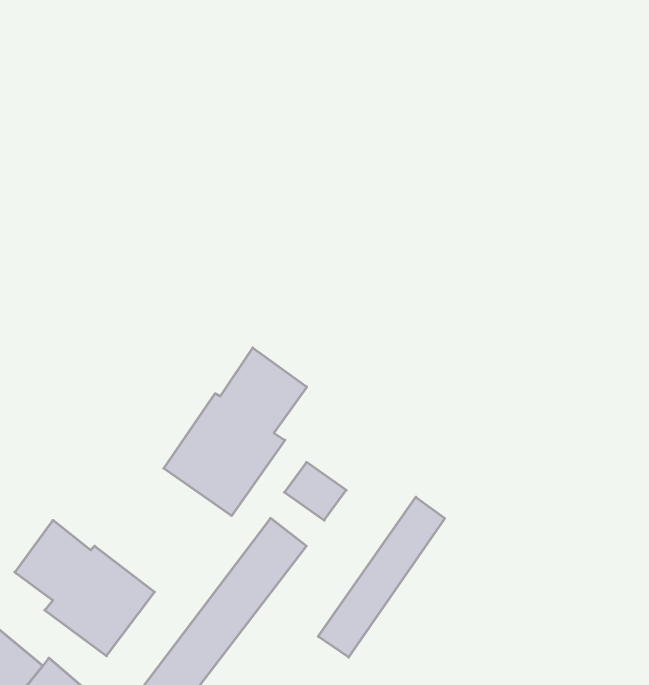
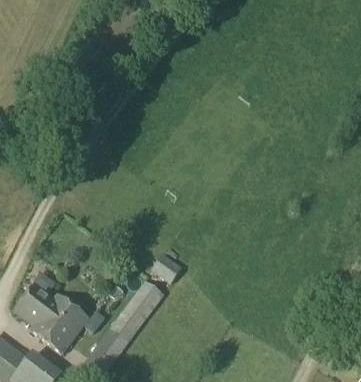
building: [164,348,307,516] -> none
building: [318,497,445,657] -> none

